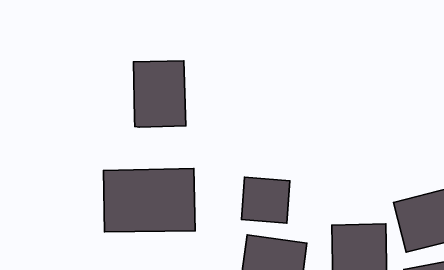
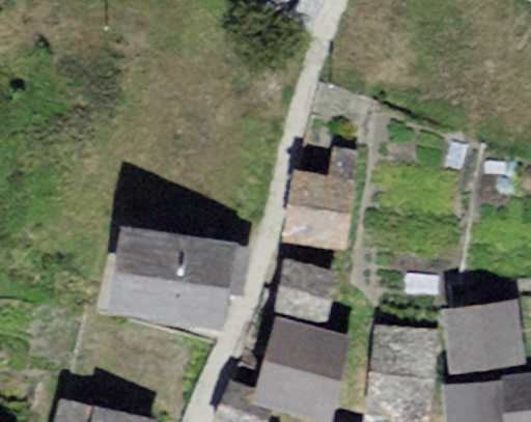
building: [134,61,186,127] -> none
building: none -> [287,145,356,241]

